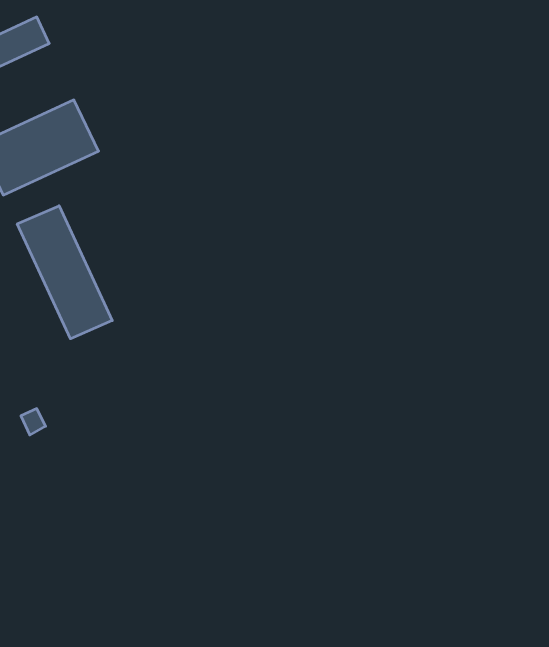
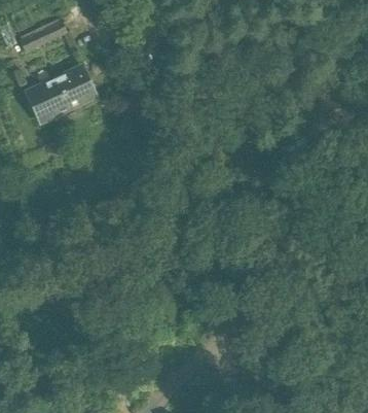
building: [17,206,112,339] -> none

